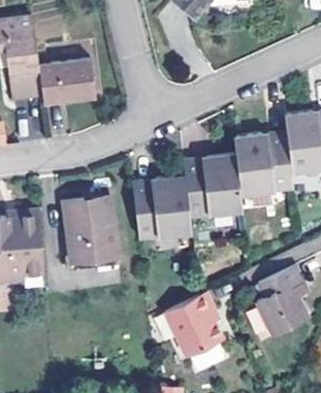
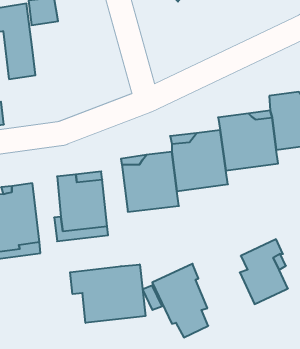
building: [38,62,95,104] -> none
building: none -> [70,264,145,323]

